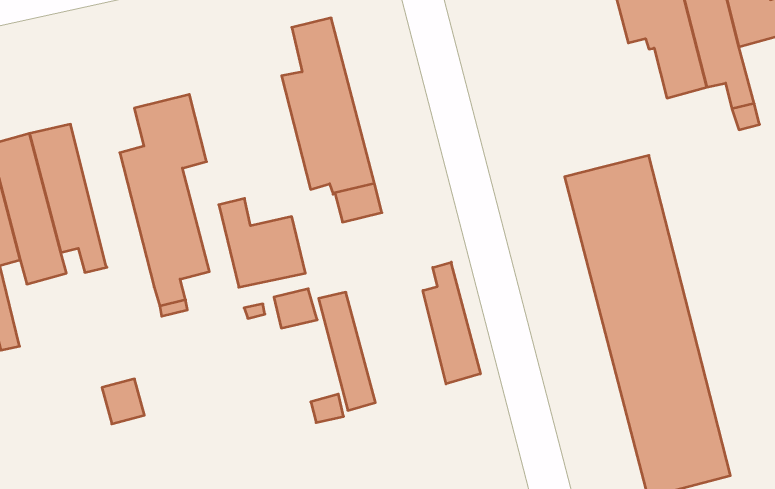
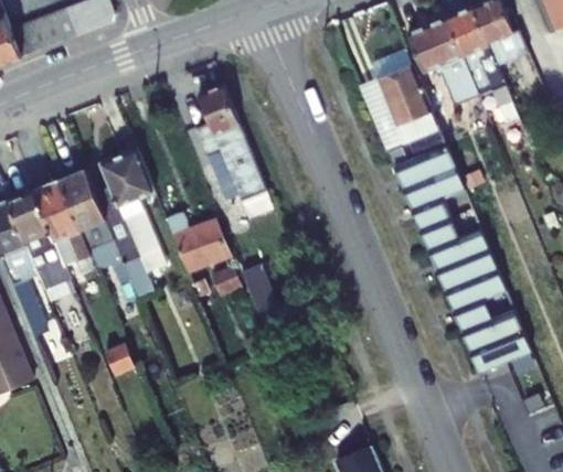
building: none -> [375,63,446,158]
building: none -> [59,168,129,283]
building: [423,262,480,384] -> none

